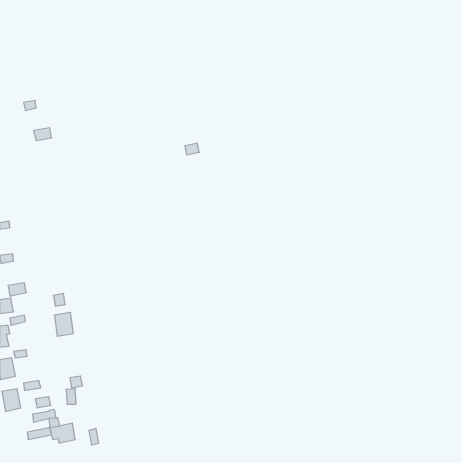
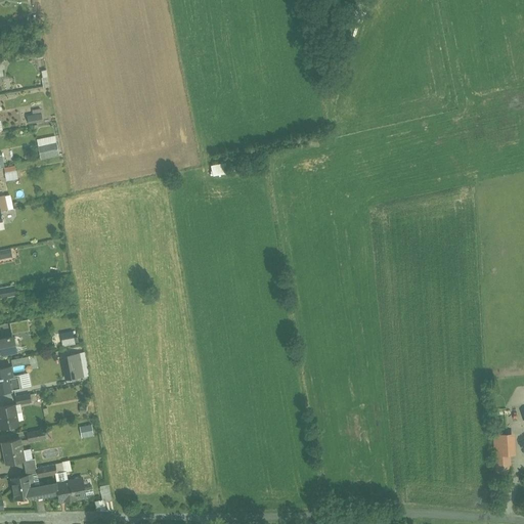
building: none -> [493,434,514,472]
building: none -> [11,474,34,499]

